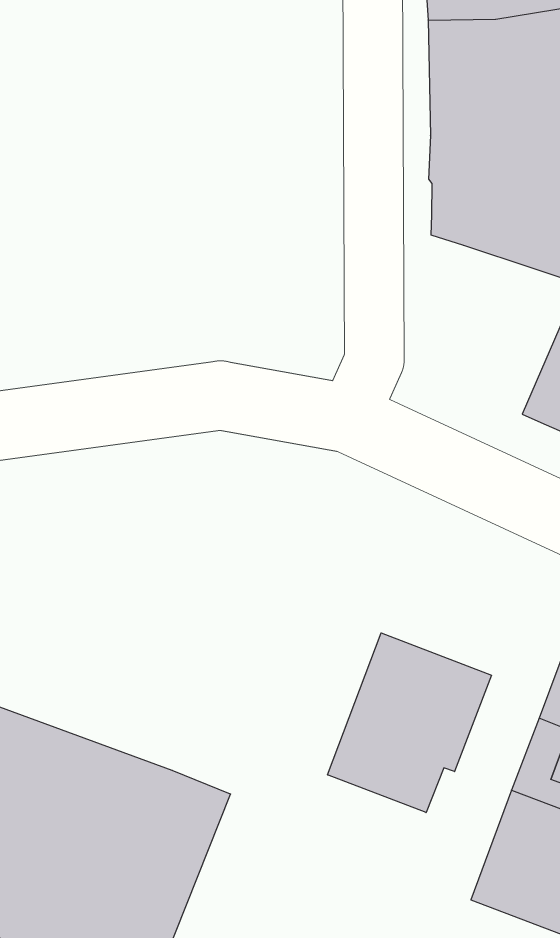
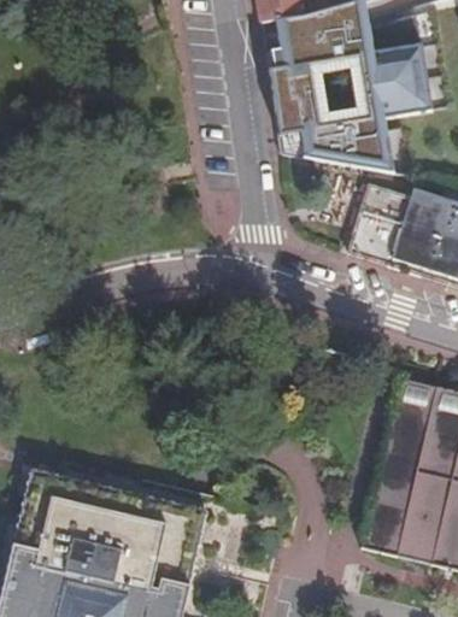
building: [328,633,492,813] -> none

